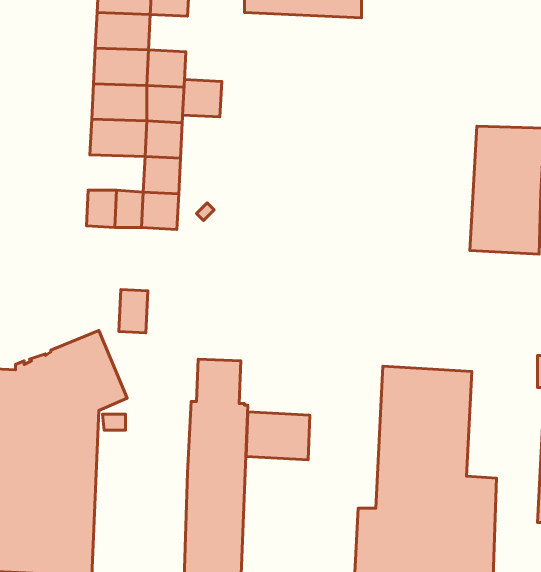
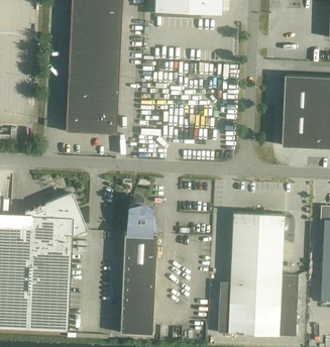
building: [183,80,222,117] -> [100,12,122,33]
building: none -> [66,92,98,113]
building: [119,289,148,333] -> none
building: [246,412,310,460] -> none

